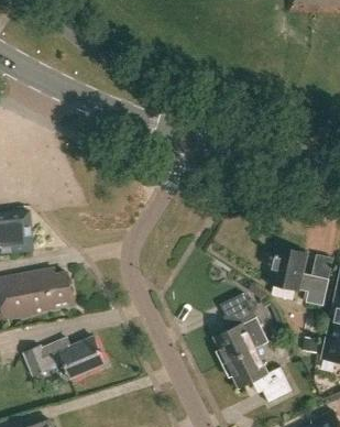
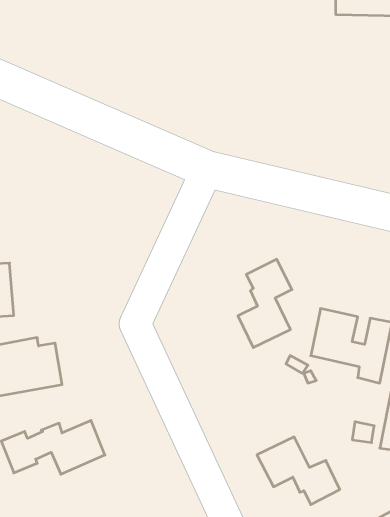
building: [213,293,256,363] -> [238,259,292,348]

